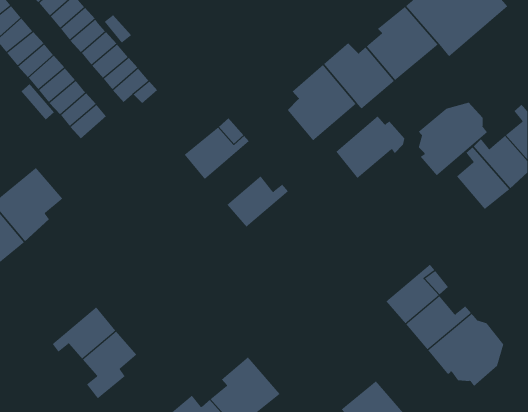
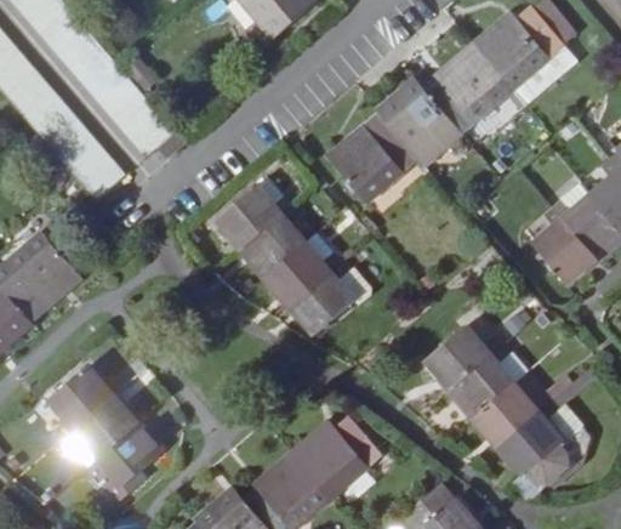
building: [418,102,488,176] -> none
building: [335,116,405,179] -> [287,262,369,336]
building: none -> [239,204,304,278]
building: none -> [425,328,502,391]
building: none -> [46,366,113,440]
building: none -> [290,419,378,499]

